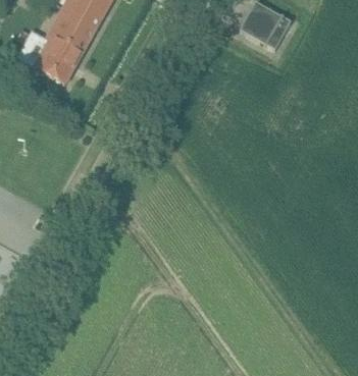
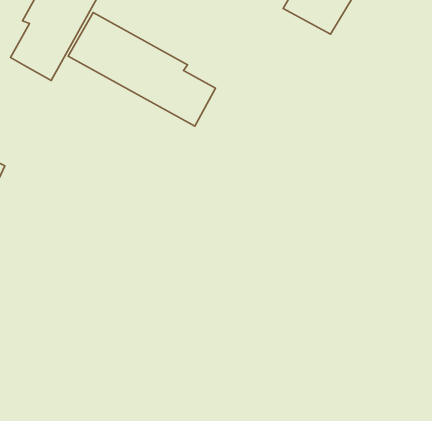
building: none -> [68,12,215,126]

